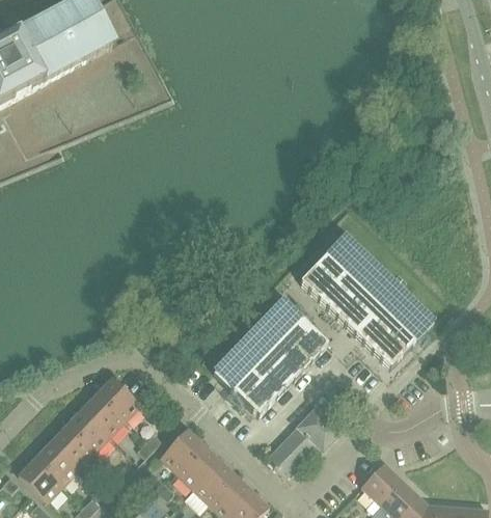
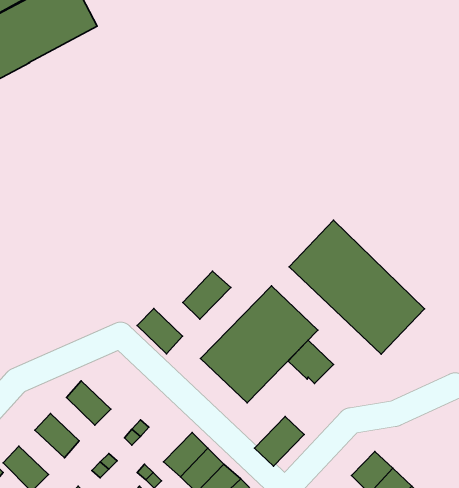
building: none -> [183,271,231,319]
building: [96,376,140,420] -> [137,309,182,354]
building: [296,407,340,449] -> [288,340,334,383]
building: [65,409,109,452] -> none
building: [160,428,204,472] -> none
building: [34,441,79,485] -> none

